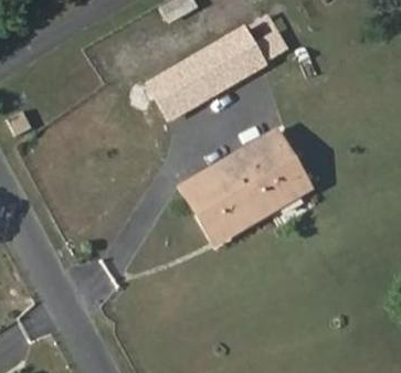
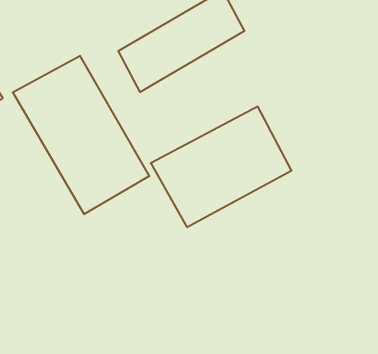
building: none -> [13,56,149,214]

